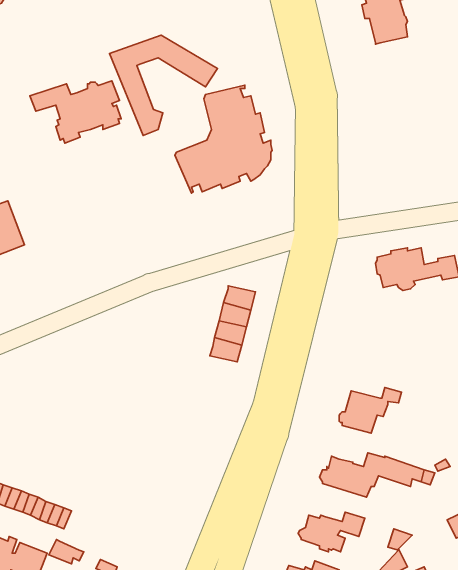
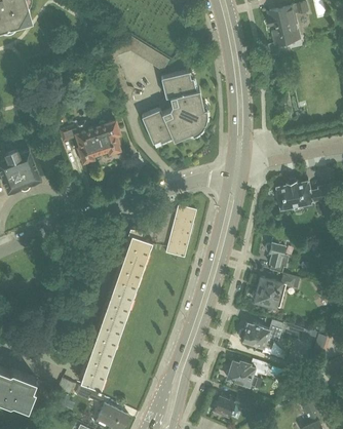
building: [30,81,121,143] -> [60,122,121,164]
building: none -> [79,228,152,389]
building: none -> [265,239,288,273]

